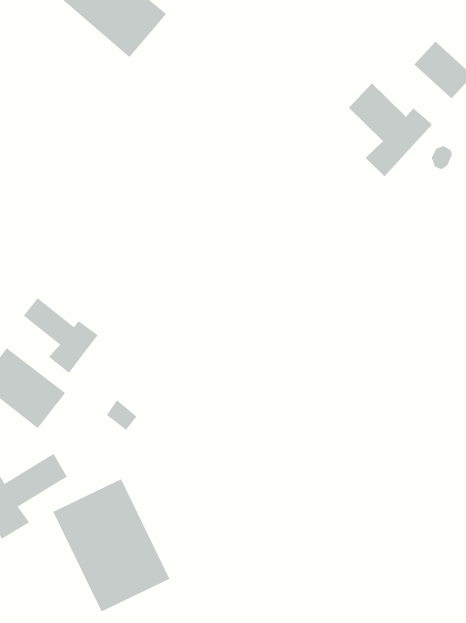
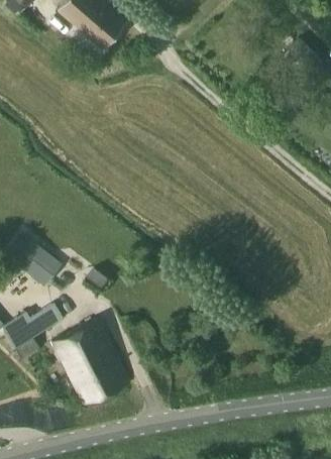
building: [348,82,433,177] -> none
building: [23,297,98,374] -> none

